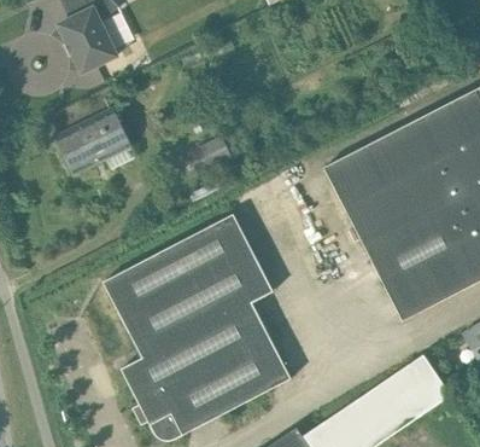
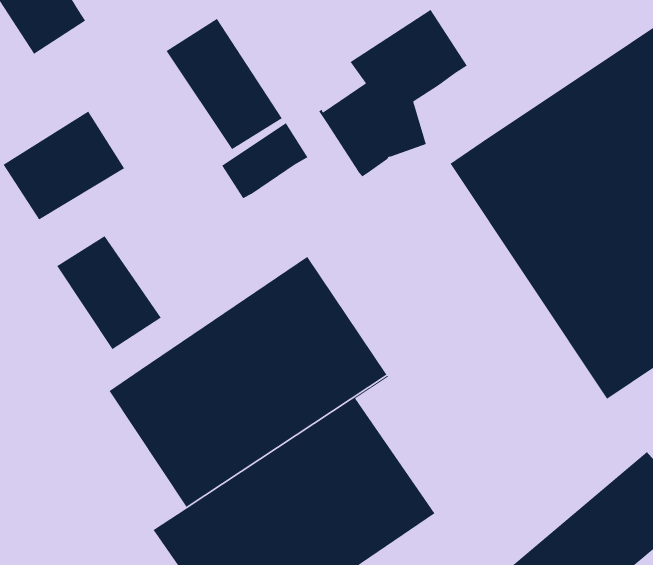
building: none -> [165,18,283,150]
building: none -> [318,9,468,177]
building: none -> [56,235,162,350]

